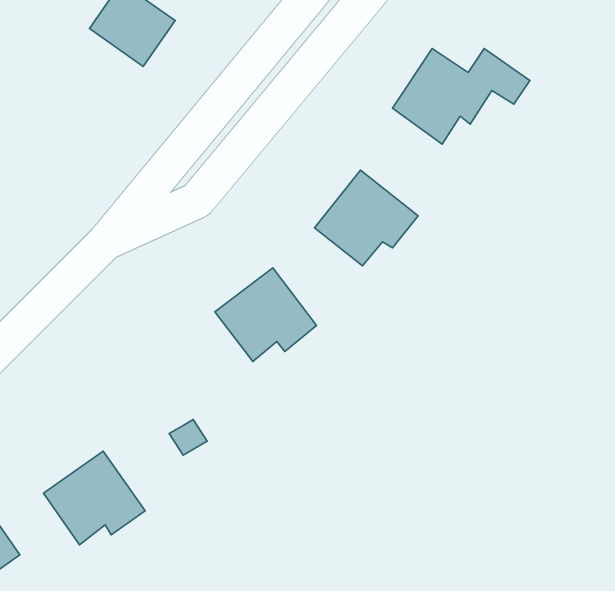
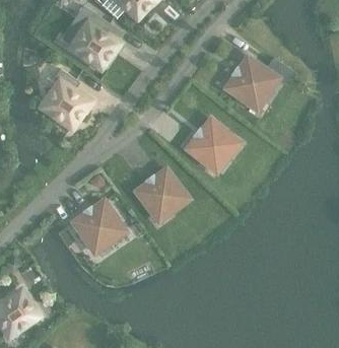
building: none -> [40,68,83,125]
building: [44,451,145,545] -> [69,200,121,248]

